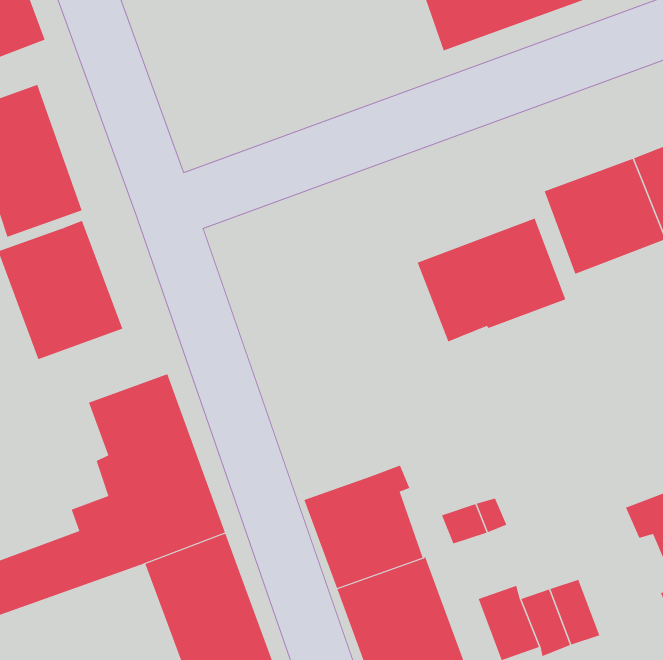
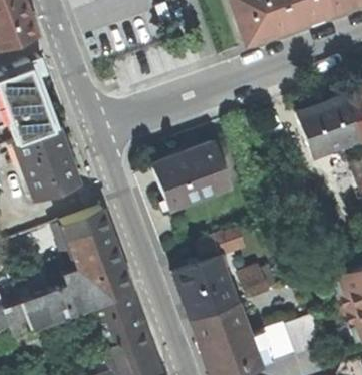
building: [417,218,566,342] -> [153,144,231,209]
building: none -> [201,229,246,262]

